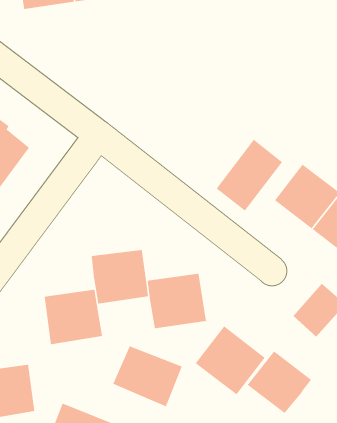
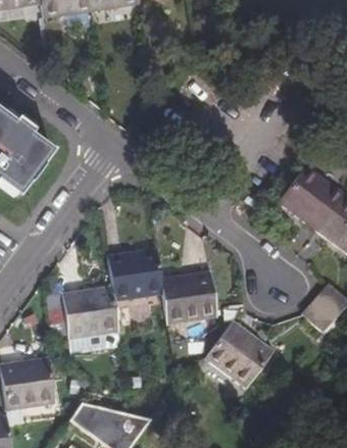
building: [216,139,283,212] -> none
building: [112,345,183,407] -> none
building: [247,351,312,414] -> none

